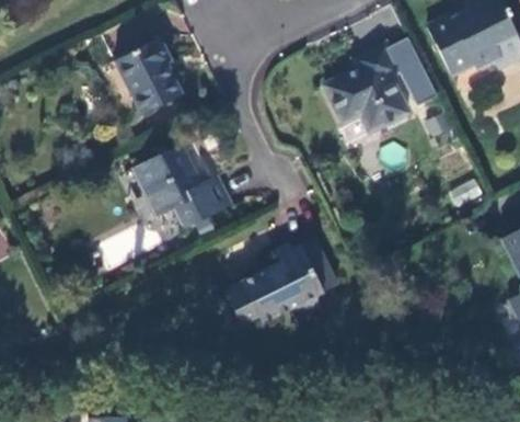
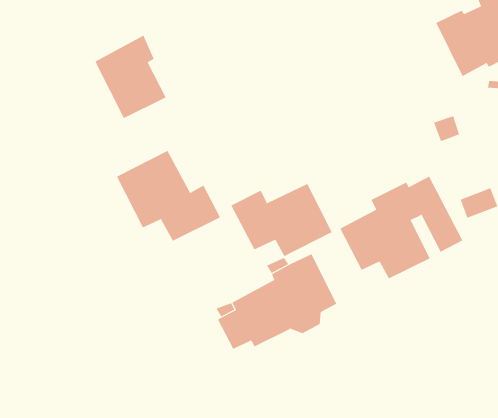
building: [325,38,438,133] -> [339,176,463,279]
building: none -> [231,183,332,257]

